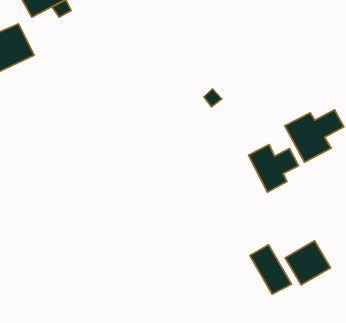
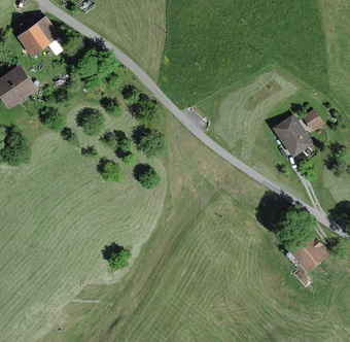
building: [249,144,298,192] -> none
building: [250,245,292,294] -> none

